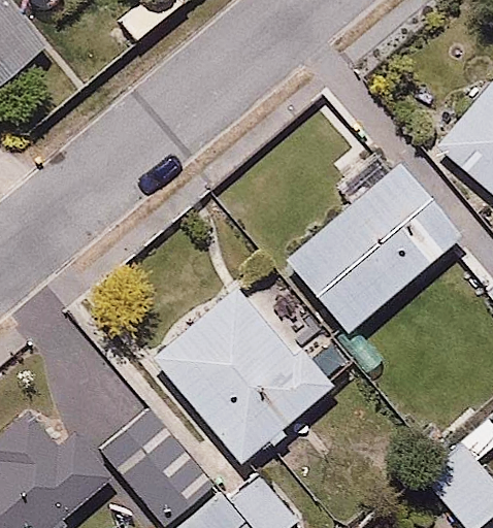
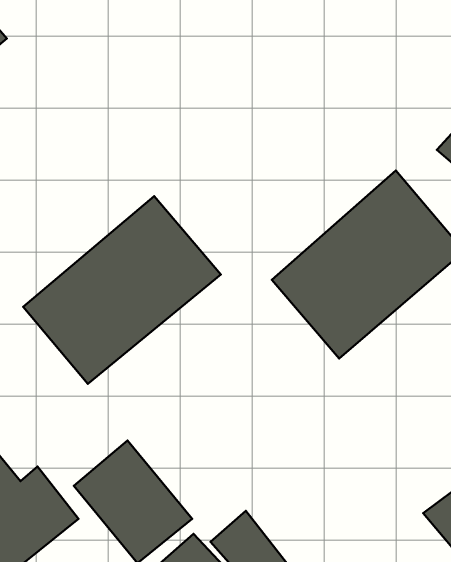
building: none -> [23,196,221,384]
building: [154,288,333,463] -> none

